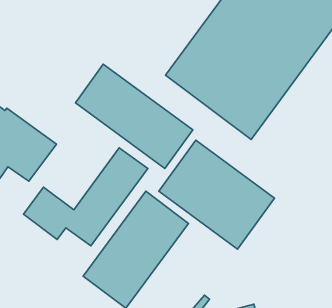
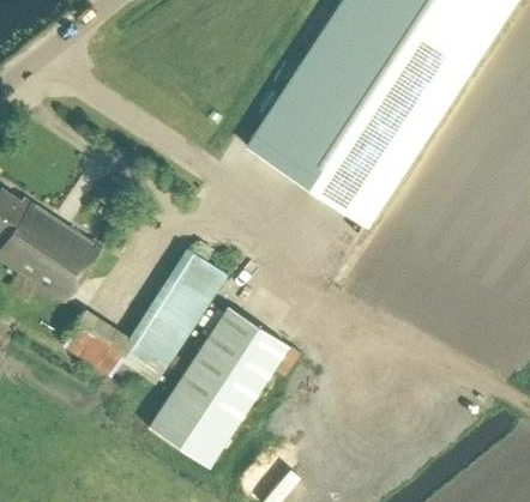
building: [76,64,193,169] -> none
building: [159,140,275,249] -> none

